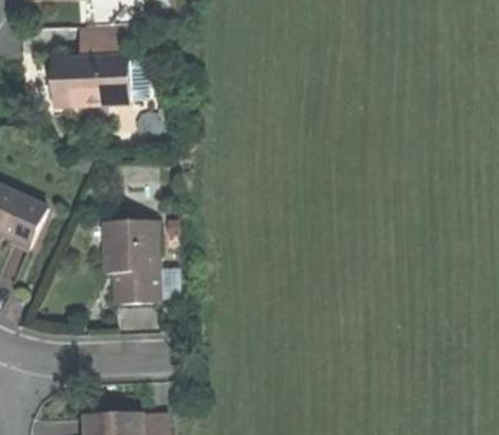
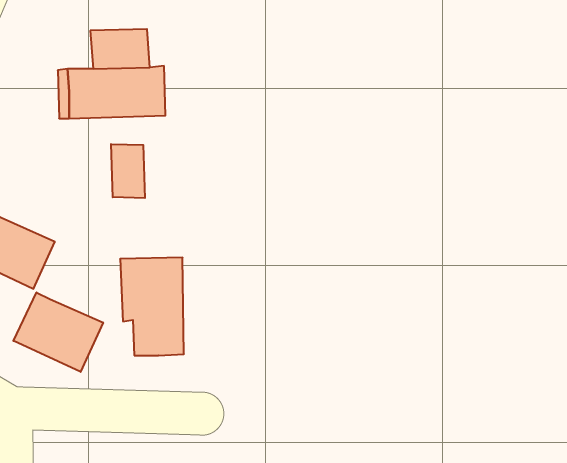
building: none -> [111,144,145,198]
building: none -> [13,292,103,372]

